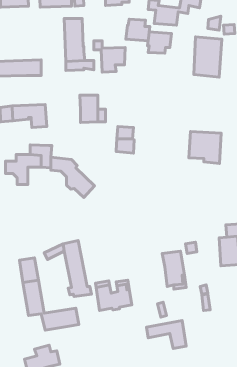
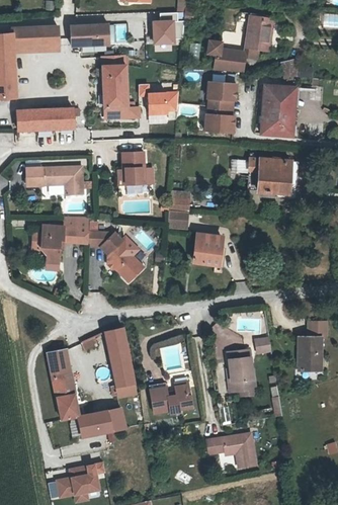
building: [126,19,150,41] -> [203,102,233,129]
building: [189,131,221,164] -> [262,154,302,193]
building: none -> [198,231,226,259]

